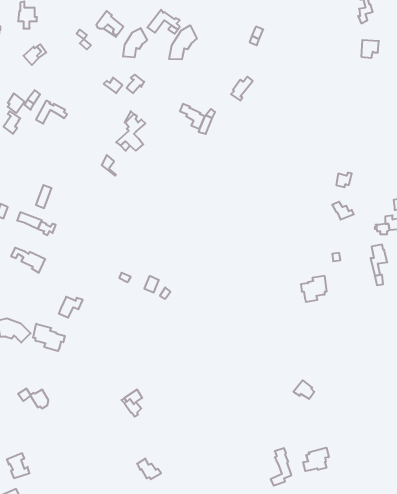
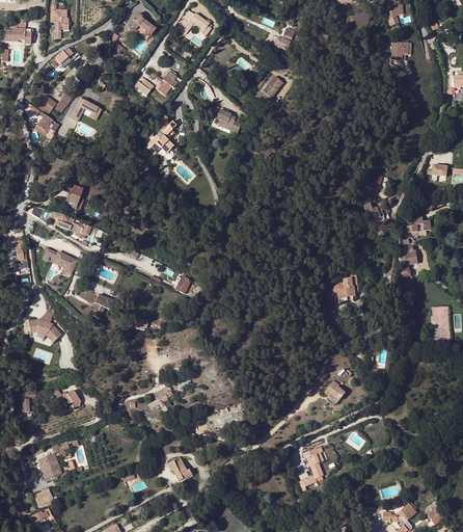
building: [169,25,197,59] -> none
building: [123,28,147,57] -> none
building: [33,324,65,351] -> none
building: [303,448,329,471] -> none

